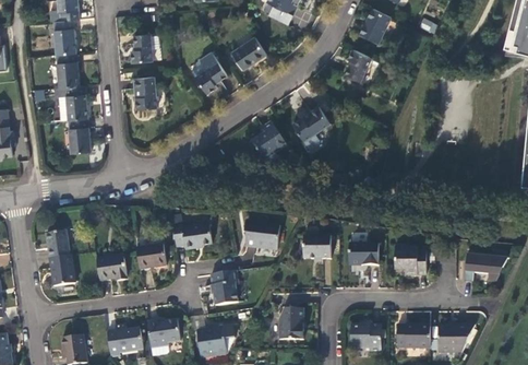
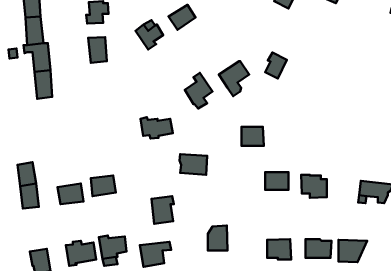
building: [344,49,370,81] -> [265,53,287,78]
building: [172,223,212,249] -> [141,117,173,139]
building: [303,234,331,257] -> [241,127,264,146]

